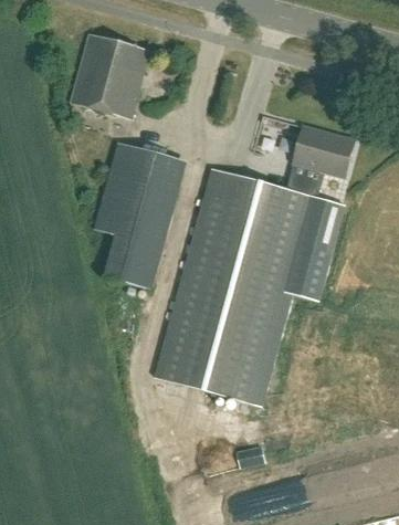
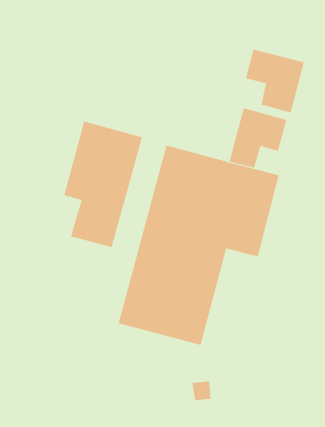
building: [70,35,148,120] -> none
building: none -> [245,49,305,113]

